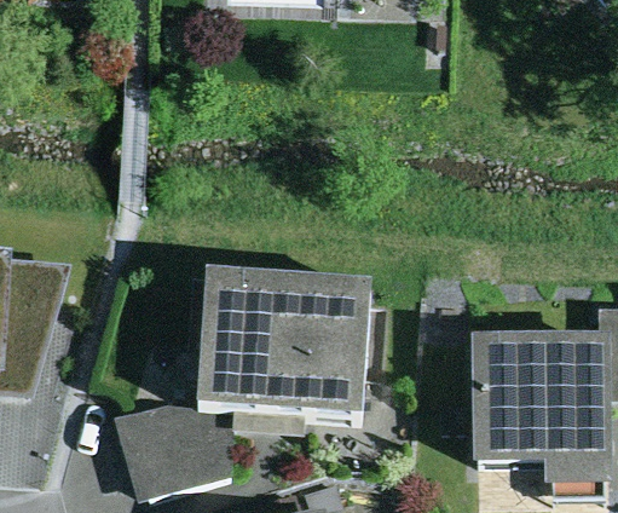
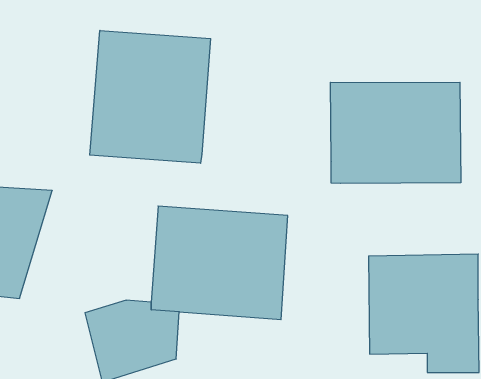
building: none -> [90,30,211,163]
building: none -> [330,82,461,183]

